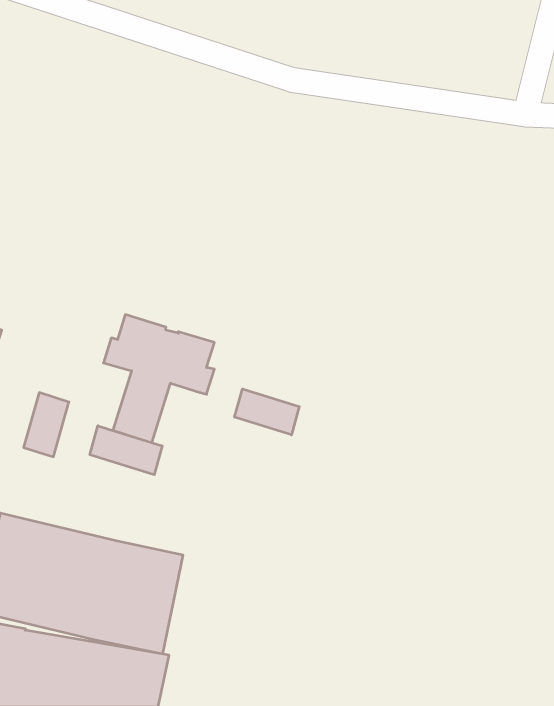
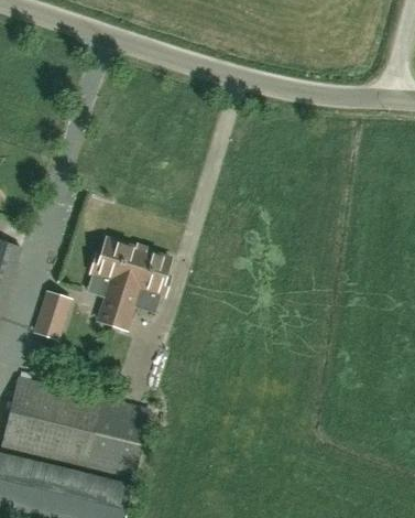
building: [235,389,299,435] -> none
building: [90,426,162,475] -> none

